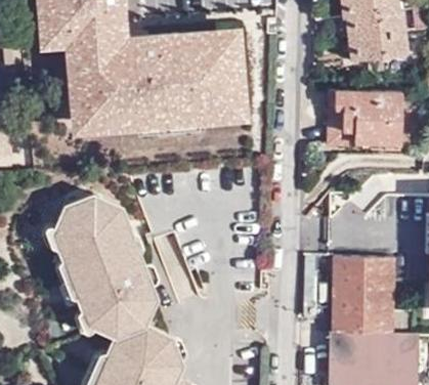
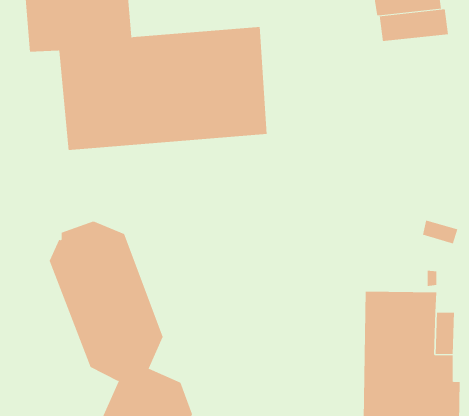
building: [347,34,407,62] -> none
building: [327,91,401,147] -> none

